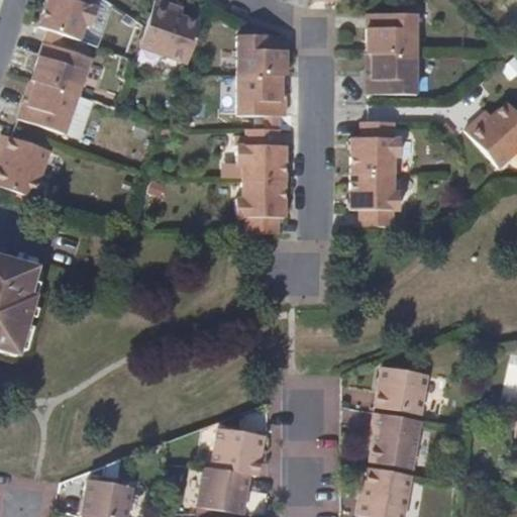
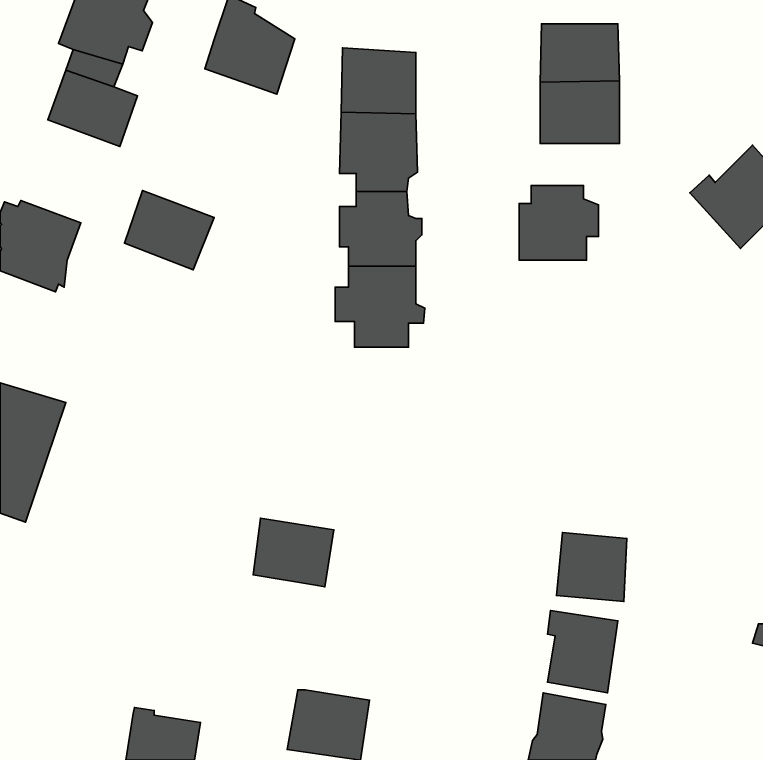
building: [21,81,82,134] -> [124,191,214,270]
building: [347,176,405,227] -> none
building: [207,427,262,474] -> [253,518,334,587]

